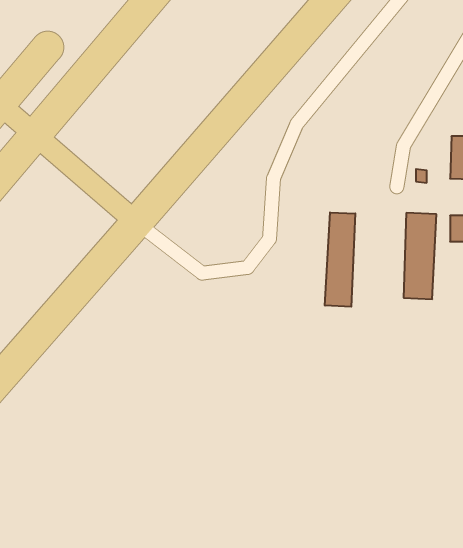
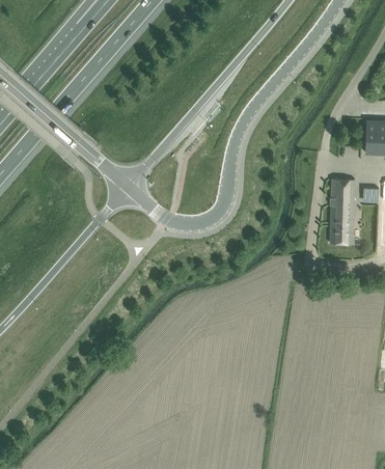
building: [325,212,355,307] -> none

